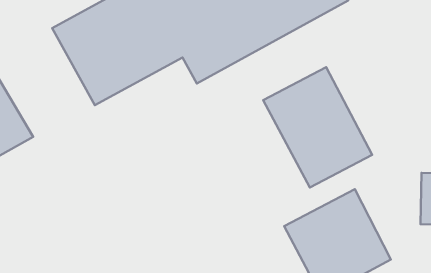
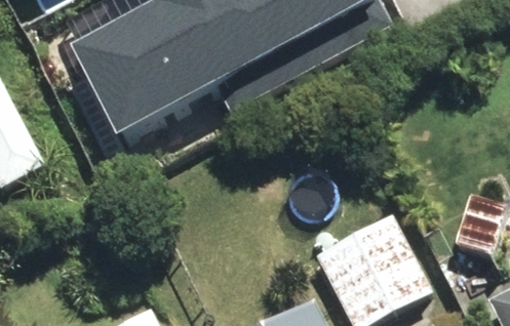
building: [263,67,372,187] -> none

